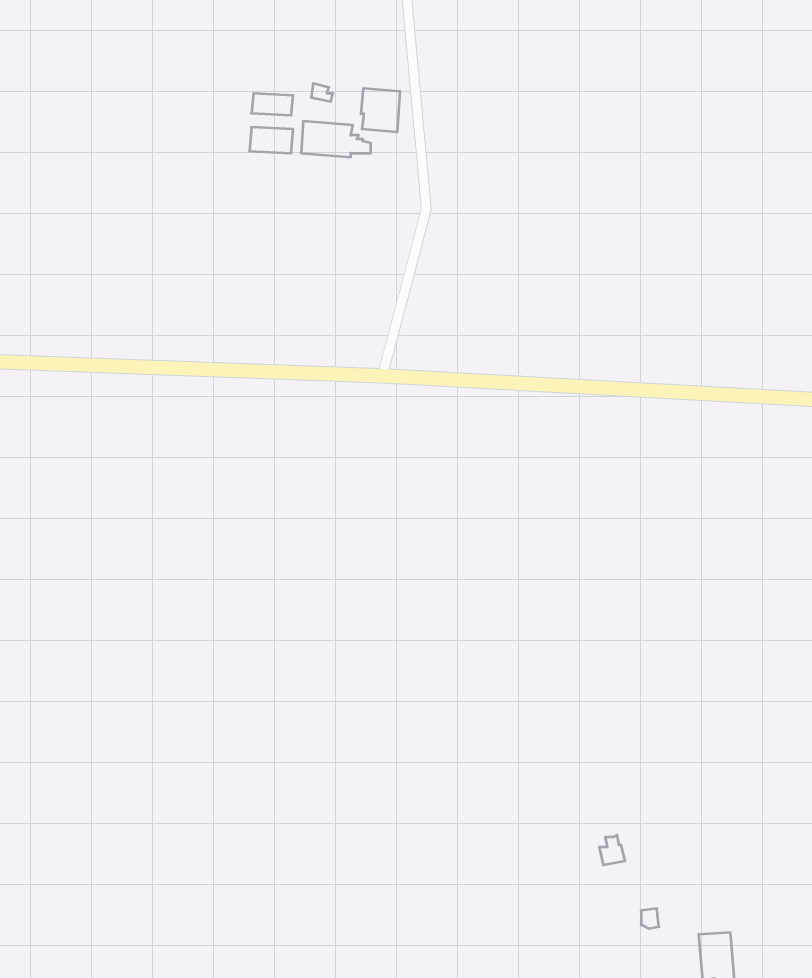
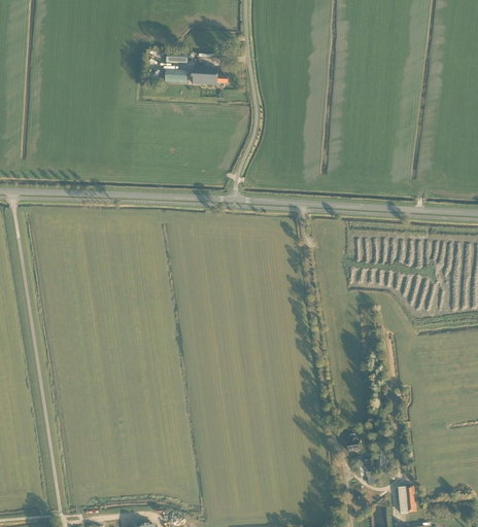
building: [361,88,400,132] -> none

